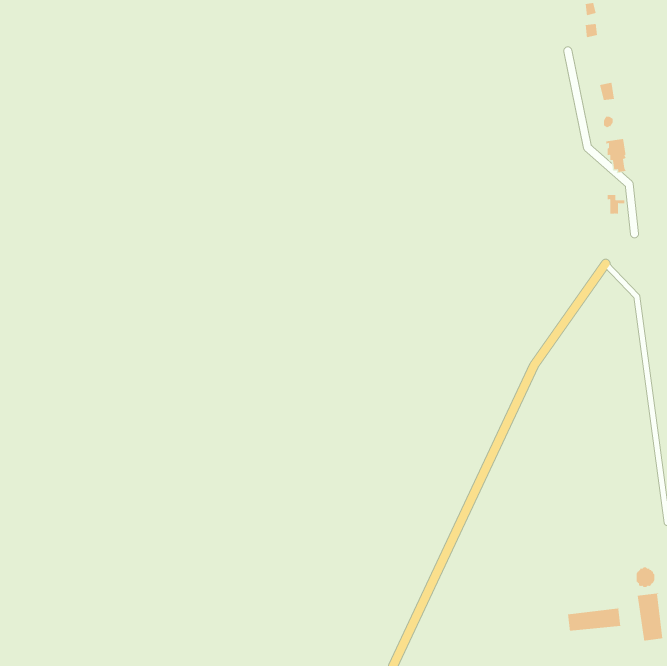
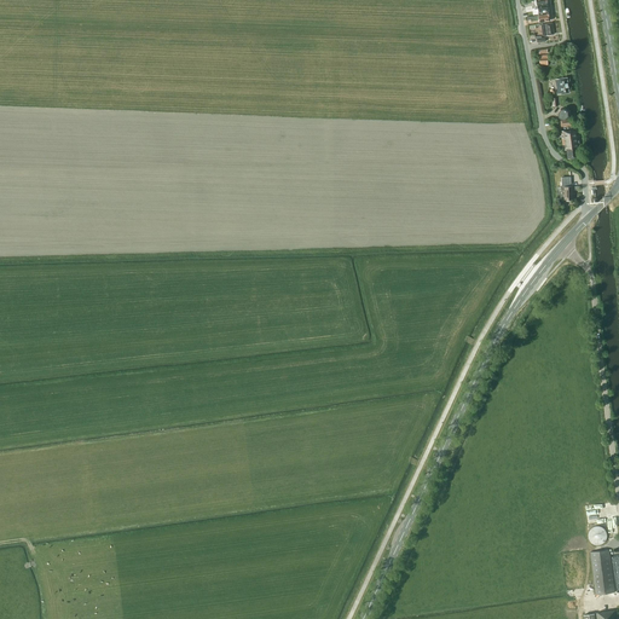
building: [568,606,621,632] -> none

